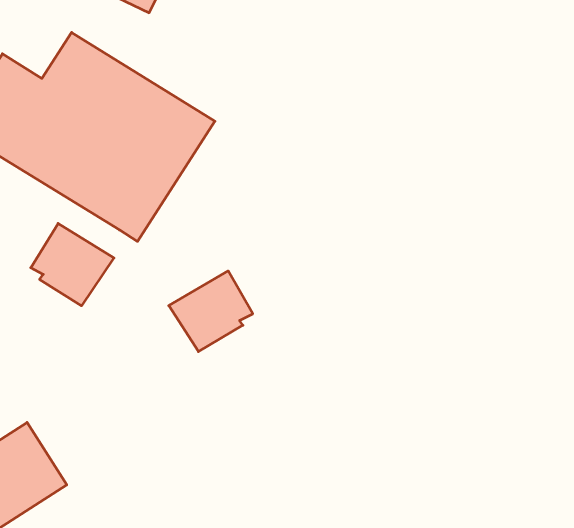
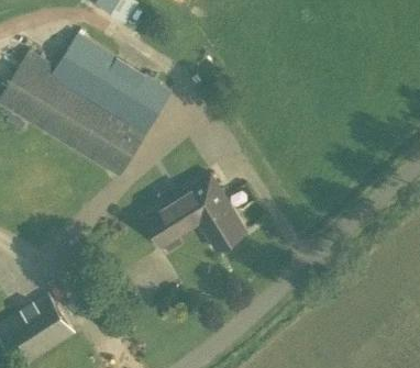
building: [31,223,114,306] -> none
building: none -> [180,175,245,252]

